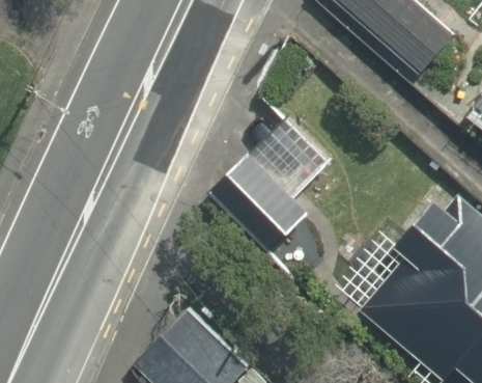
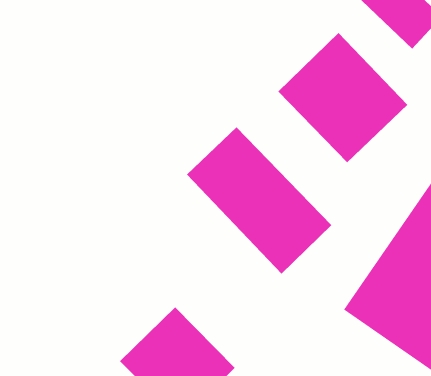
building: none -> [277,32,408,163]

